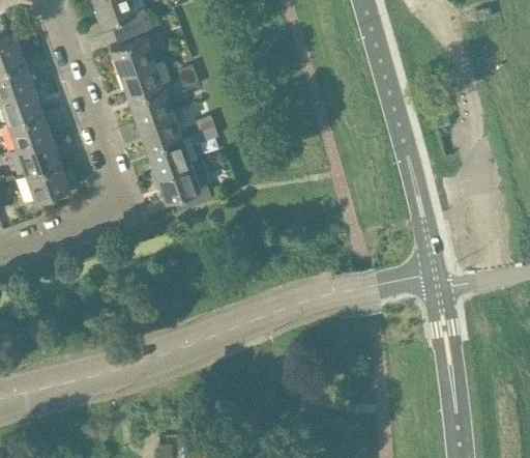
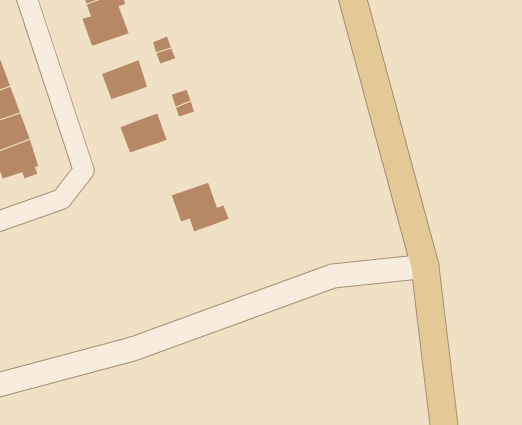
building: [119,62,165,101] -> none
building: [138,113,182,151] -> none
building: [155,164,211,211] -> [171,182,229,232]

